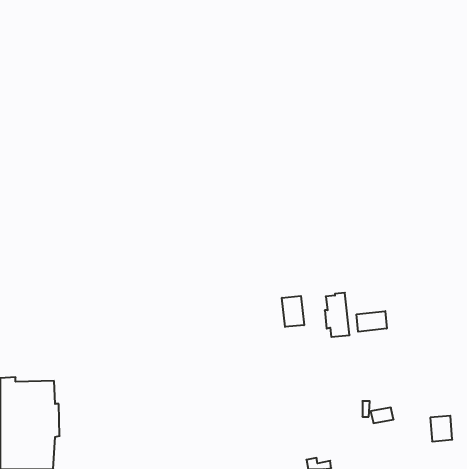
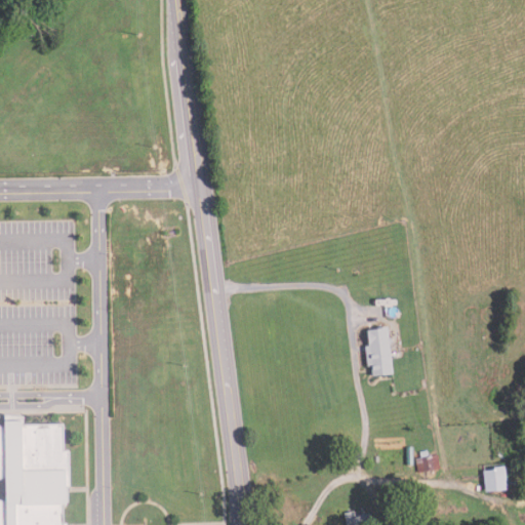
building: [282,296,304,327] -> none
building: [357,311,387,332] -> none

